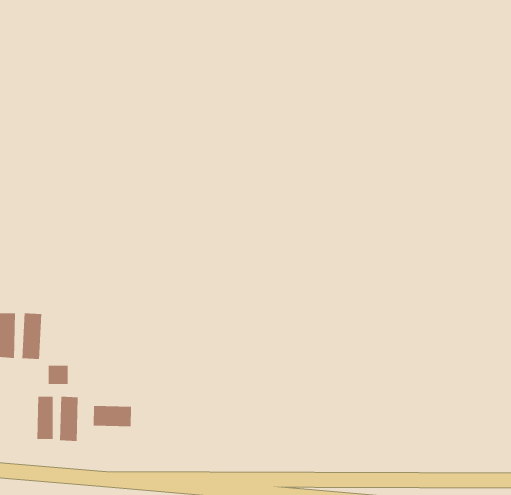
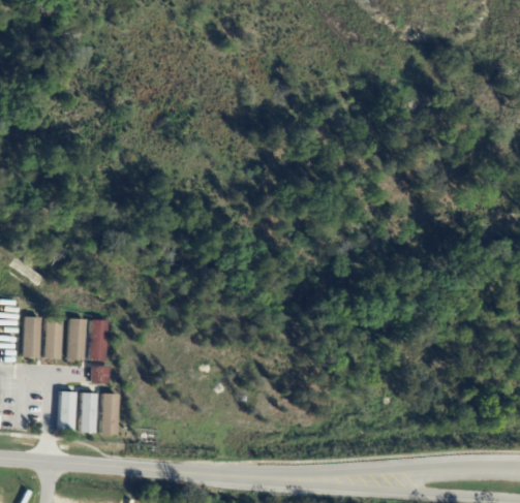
building: none -> [90,320,108,361]
building: none -> [59,391,77,432]
building: [93,405,132,427] -> none

